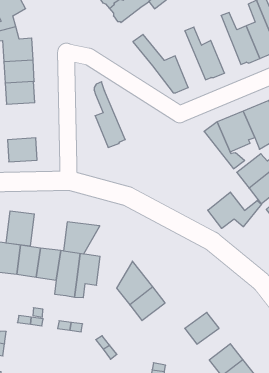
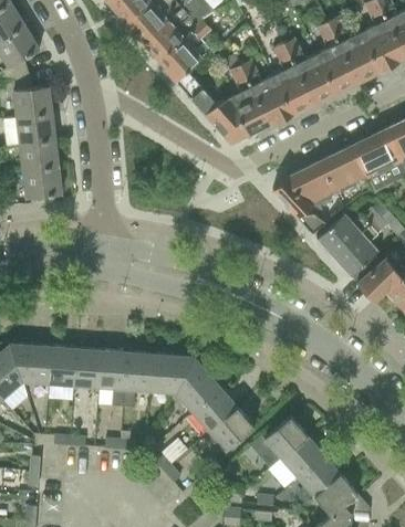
building: none -> [159,38,202,83]
building: none -> [272,43,313,115]
building: [94,82,125,147] -> [227,54,270,136]
building: [8,138,37,162] -> [22,167,61,199]
building: [208,192,262,228] -> none
building: [6,211,34,246] -> none
building: [64,222,100,254] -> [149,355,193,393]
building: none -> [209,408,253,451]
building: none -> [280,435,322,476]

